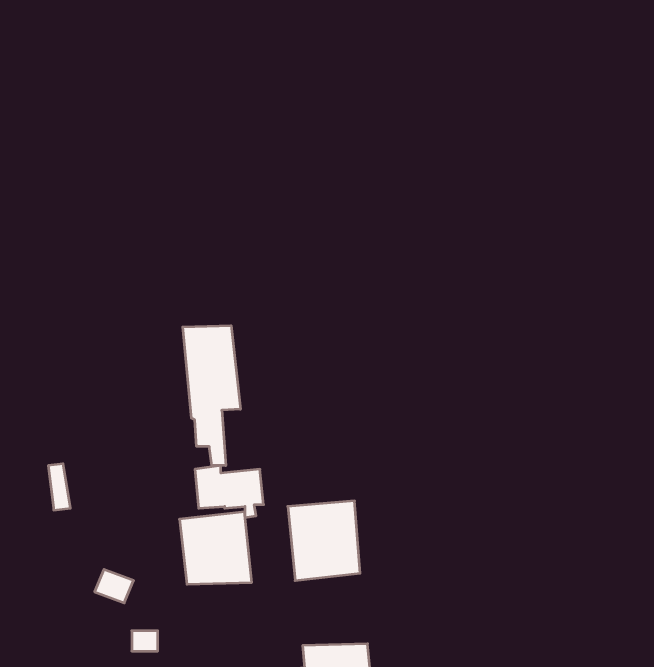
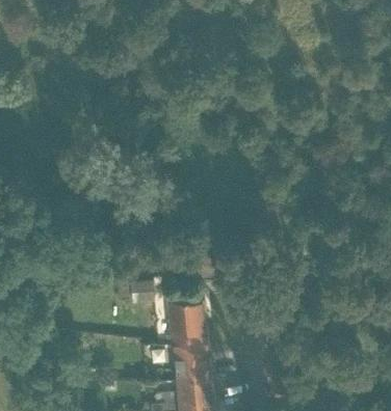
building: [183,326,240,466] -> none
building: [179,512,252,584] -> [170,344,210,384]

